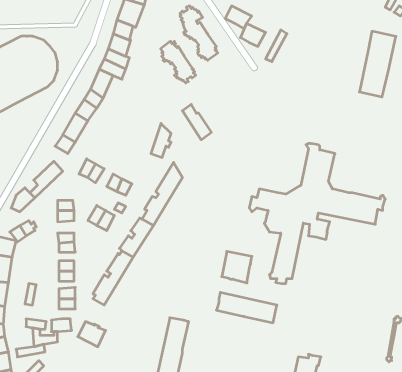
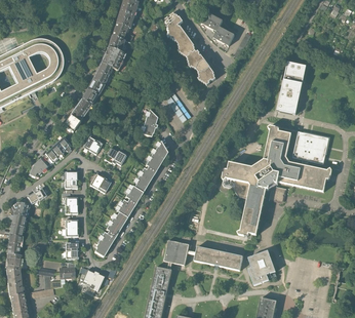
building: [359,31,396,97] -> [275,62,305,115]
building: [161,41,196,83] -> [187,50,215,84]
building: none -> [292,131,329,164]
building: [222,251,252,283] -> [164,239,189,265]
building: none -> [248,250,276,284]

